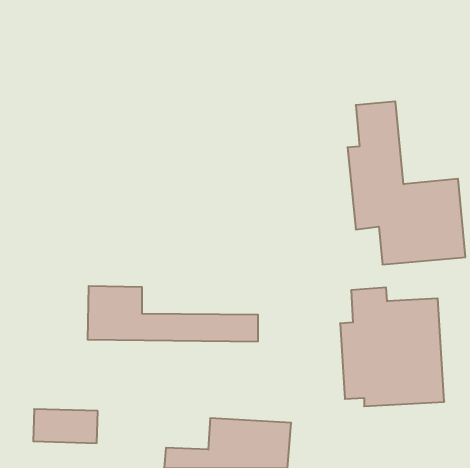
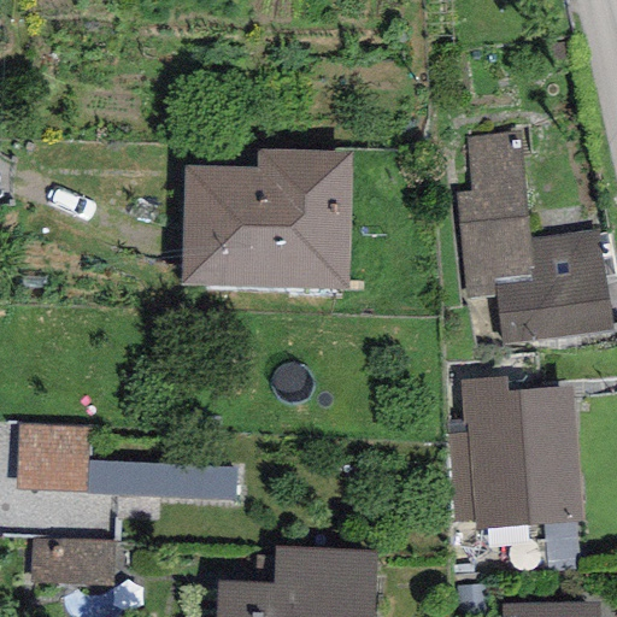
building: none -> [182,151,349,292]
building: [88,286,258,341] -> [31,419,254,492]

